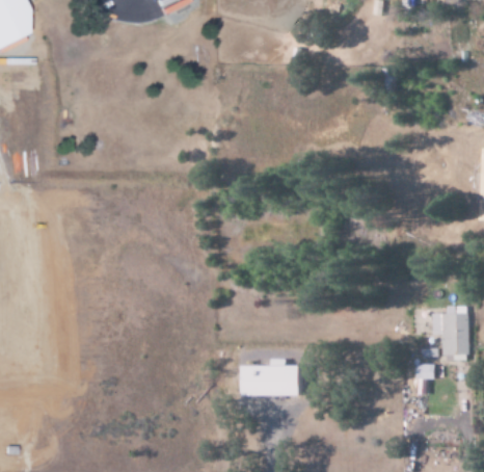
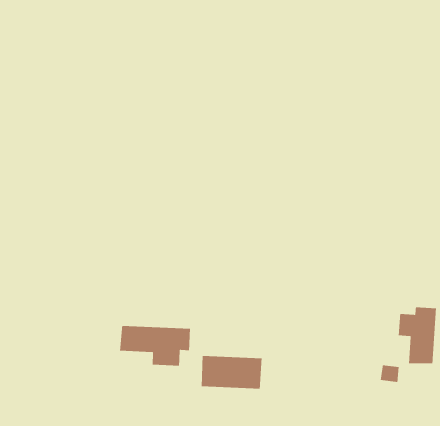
building: none -> [119,325,191,367]

